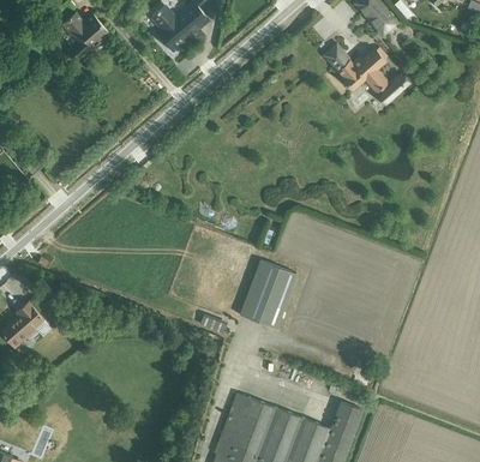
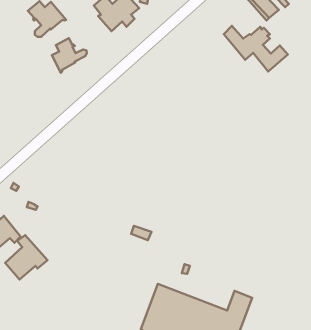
building: none -> [52,38,87,73]
building: [239,259,296,328] -> none
building: none -> [5,235,48,280]

